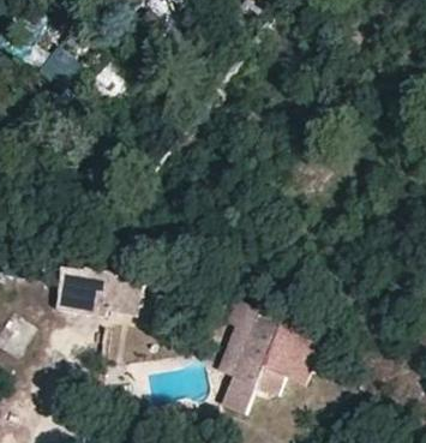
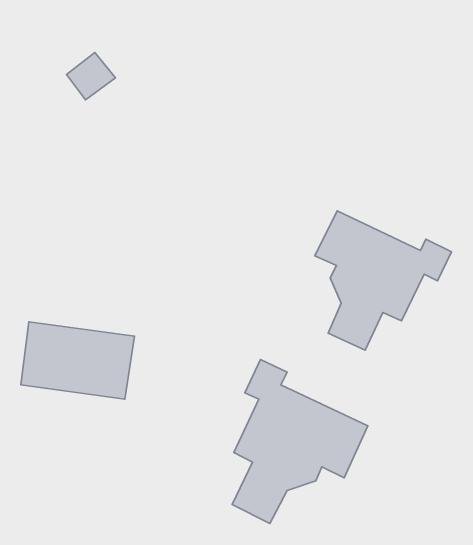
building: none -> [315,211,451,350]

